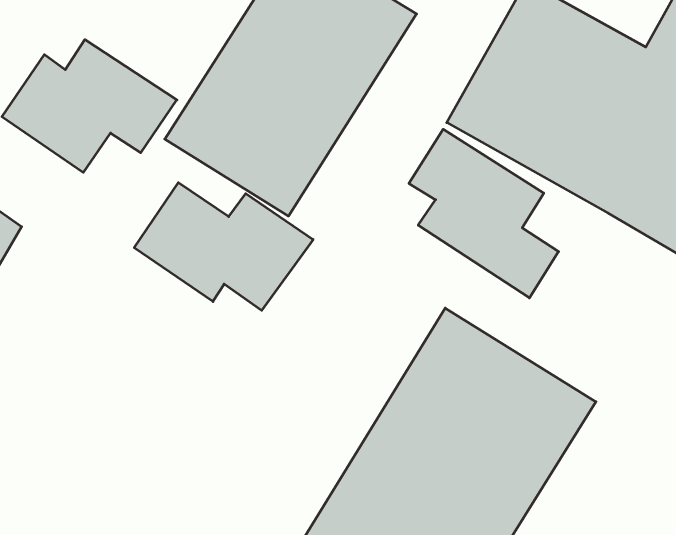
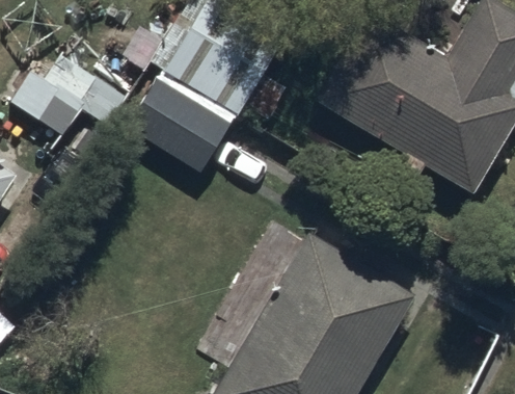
building: [409,129,559,298] -> none
building: [134,183,313,310] -> none

